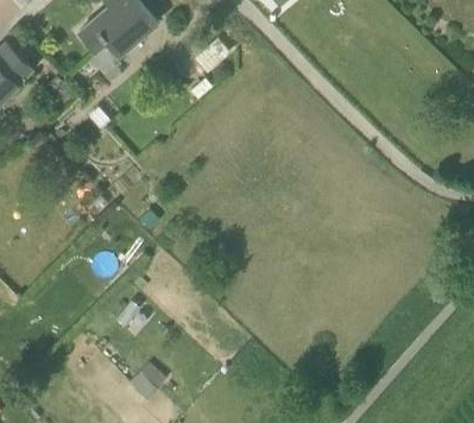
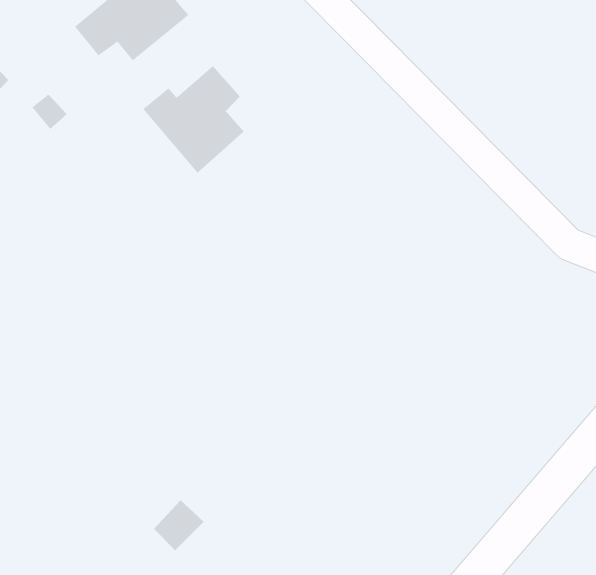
building: none -> [142,65,244,173]

